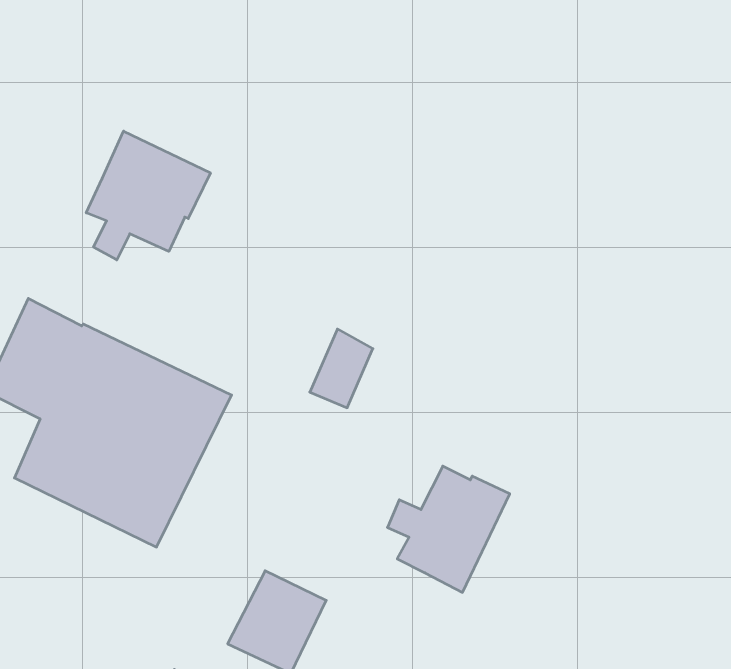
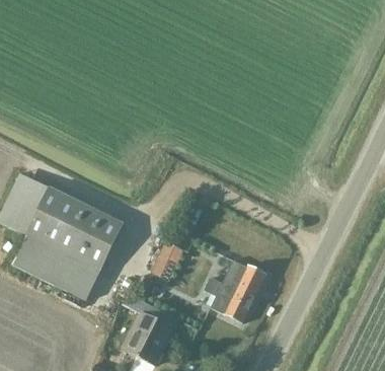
building: [86,131,210,260] -> none
building: [310,329,373,408] -> [151,239,183,280]

